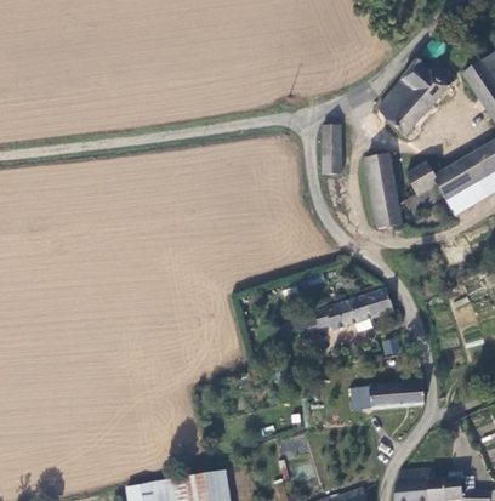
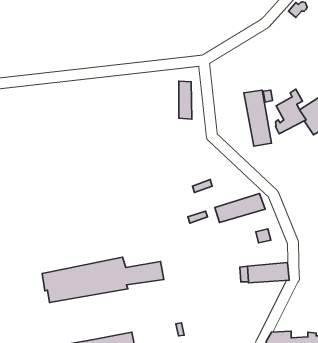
building: [379,57,455,136] -> none
building: [323,124,340,173] -> [179,81,192,119]
building: none -> [42,257,164,302]

